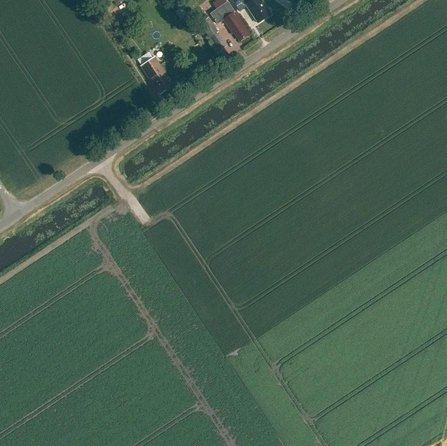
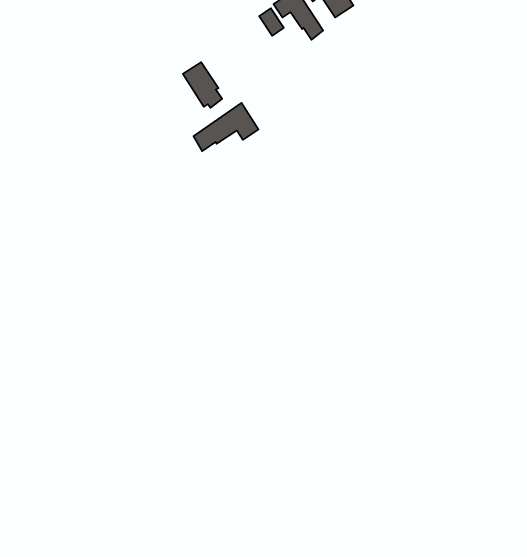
building: none -> [193,103,259,151]

